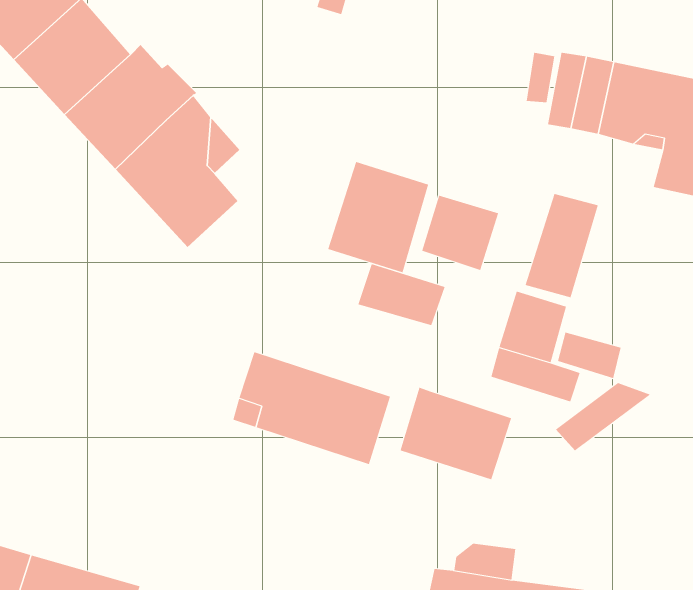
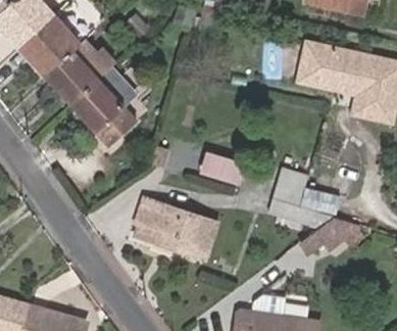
building: [327,161,429,273] -> none
building: [525,193,598,298] -> none
building: [422,195,499,271] -> none
building: [400,387,512,480] -> none

